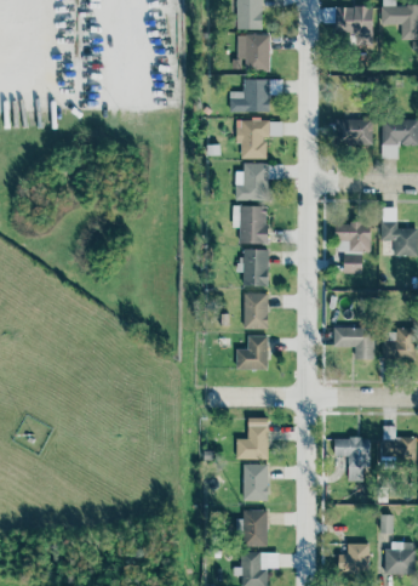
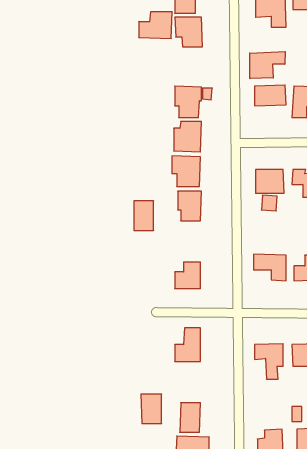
building: none -> [250,52,285,79]
building: [229,79,270,112] -> [139,12,172,38]
building: [244,292,268,329] -> [134,201,154,230]
building: [242,463,268,500] -> [141,394,162,424]

